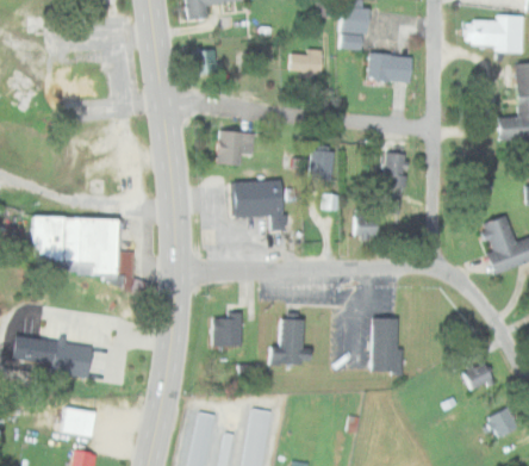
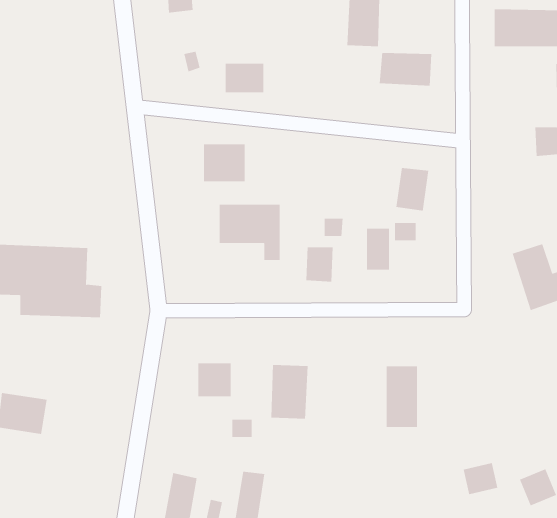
building: [288,51,322,76] -> [225,63,264,93]
building: [310,150,334,180] -> [305,247,333,282]
building: [462,362,492,390] -> [463,463,498,495]
building: [55,409,92,436] -> none

